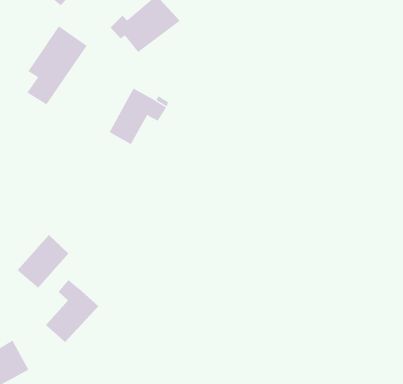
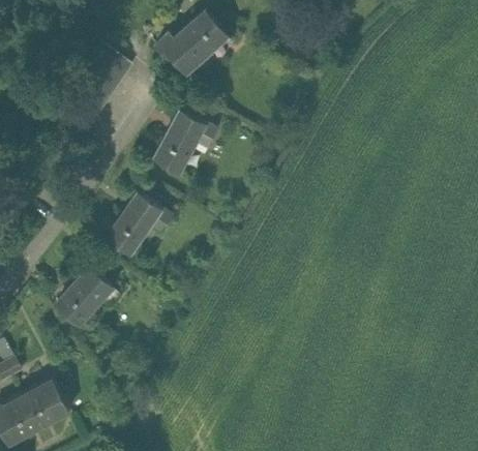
building: none -> [107,194,171,254]
building: [45,279,99,343] -> none

